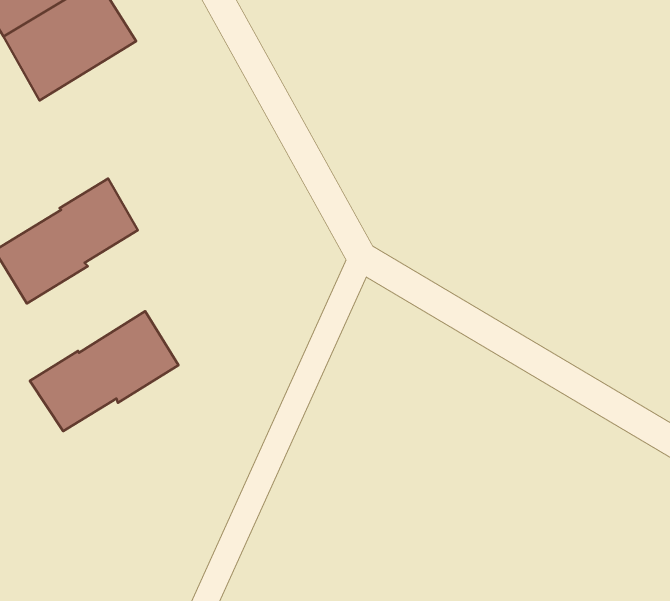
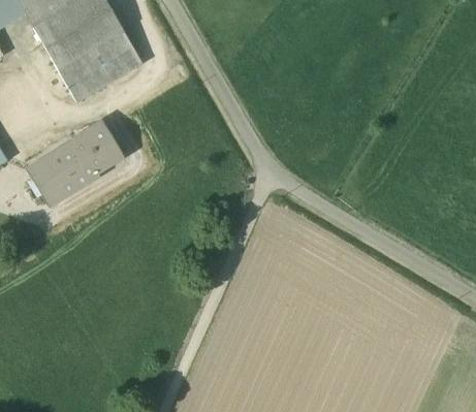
building: none -> [57,31,139,102]
building: [30,311,179,431] -> none

